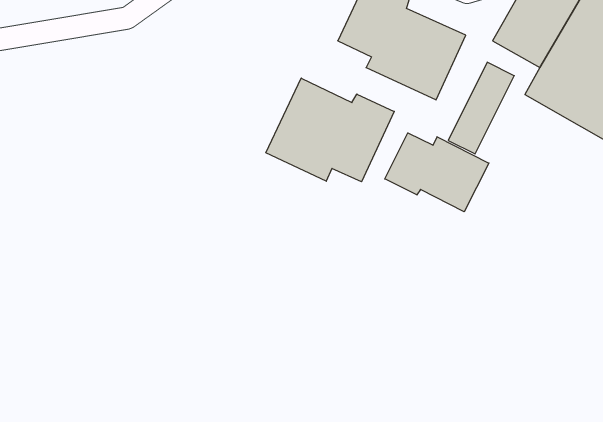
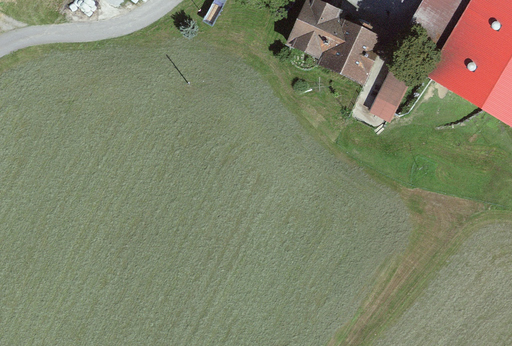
building: [266,78,394,182] -> none
building: [385,133,489,212] -> none

